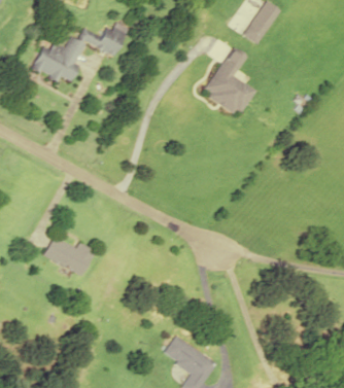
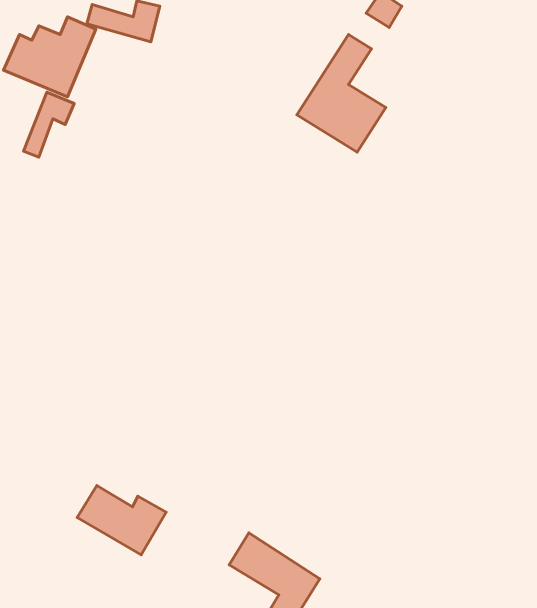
building: none -> [23,92,74,157]
building: [45,236,97,276] -> [77,485,166,555]

